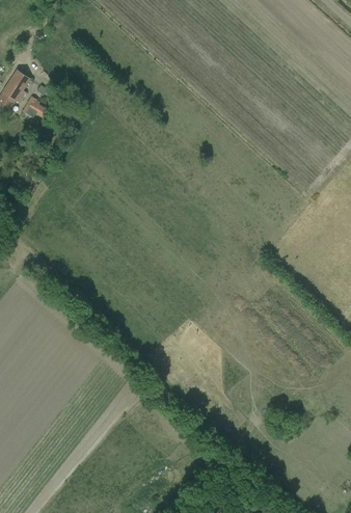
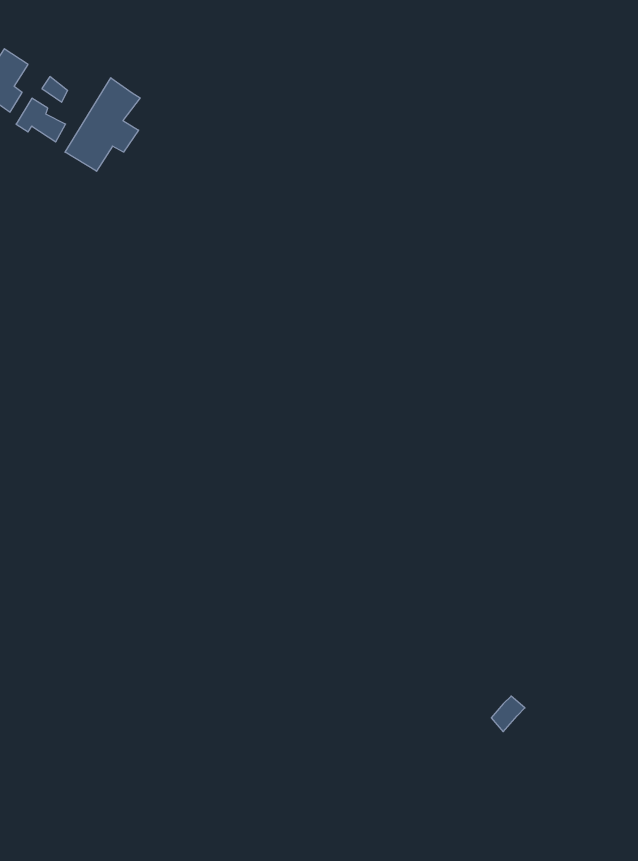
building: none -> [65,78,140,171]

